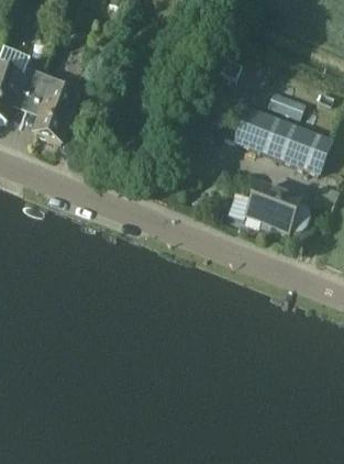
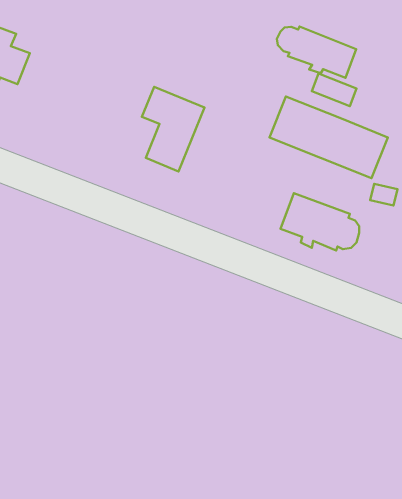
building: none -> [277,26,356,78]
building: [31,74,81,142] -> [142,87,204,171]

